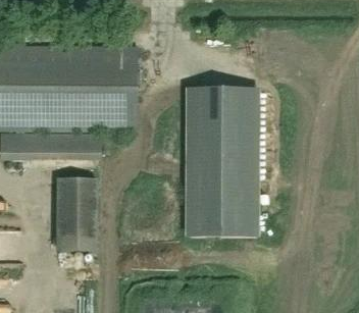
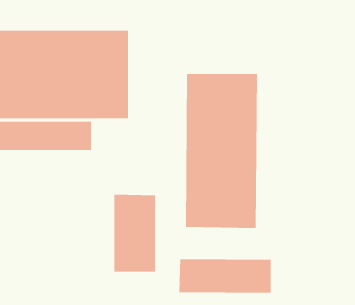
building: [57,176,97,250] -> [113,194,156,272]
building: none -> [179,259,271,294]

